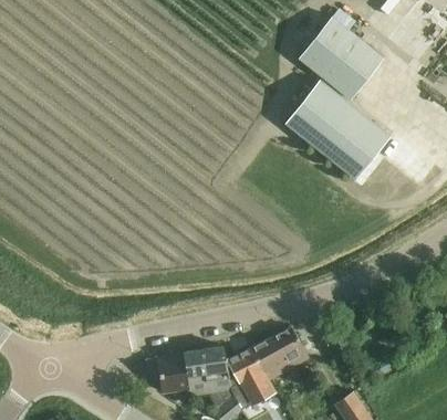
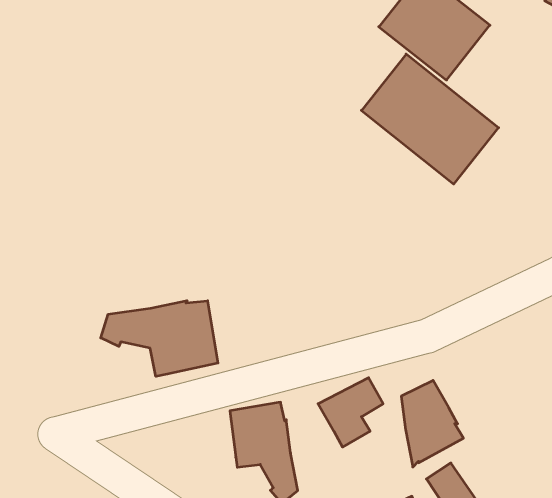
building: none -> [101,301,218,376]
building: [228,347,276,413] -> [401,380,463,467]
building: [146,353,189,392] -> none

